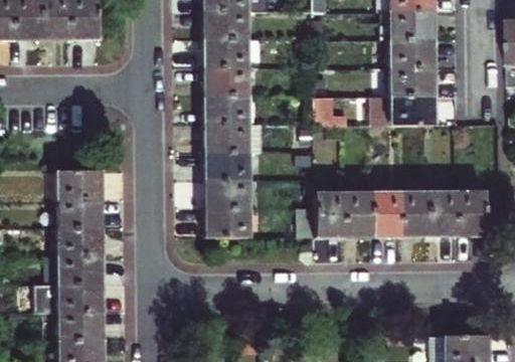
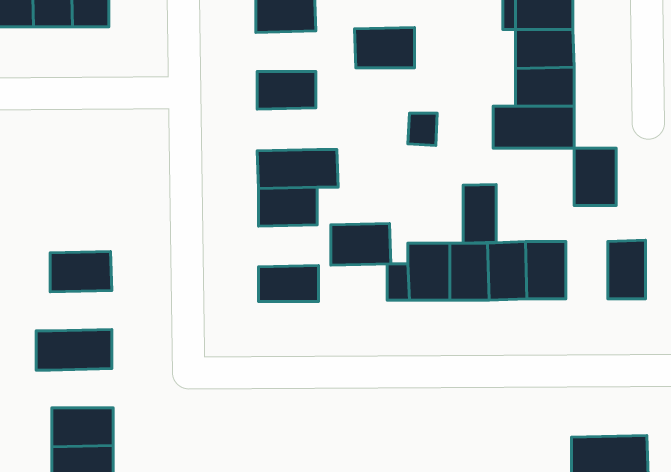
building: [205,40,248,69] -> [354,27,414,68]
building: [206,96,249,127] -> none
building: none -> [463,184,496,243]
building: [56,171,101,200] -> none
building: [207,180,250,210] -> [331,223,391,265]
building: [428,192,459,233] -> [574,148,616,205]
building: [57,227,102,256] -> none
building: [34,284,103,312] -> none

